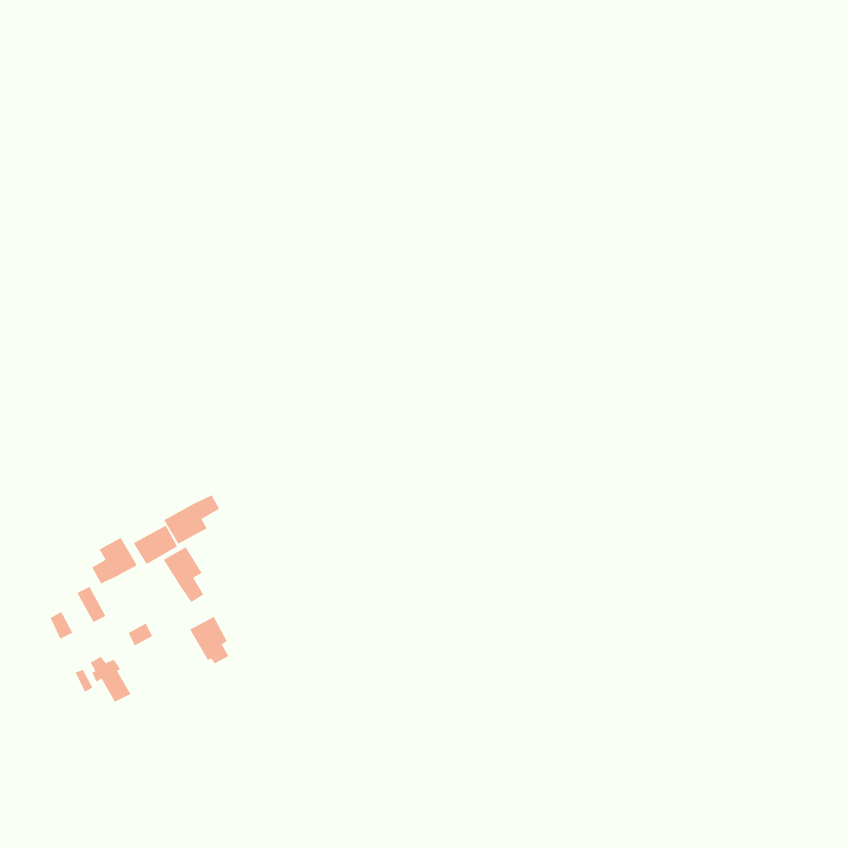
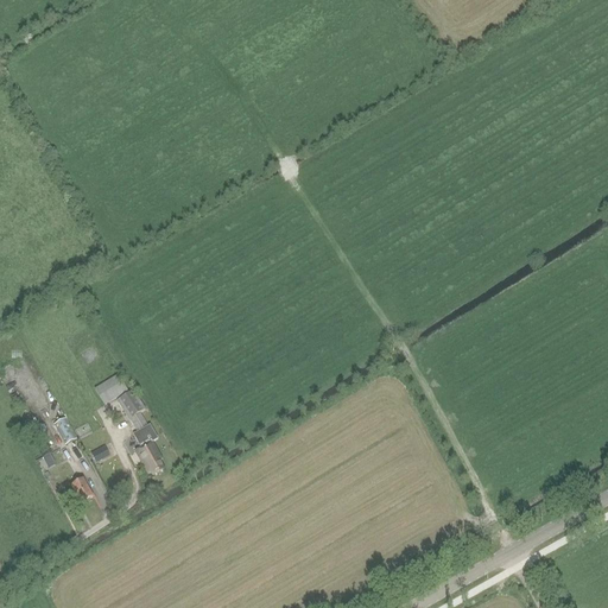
building: [164,495,220,544] -> none
building: [91,537,137,584] -> none

